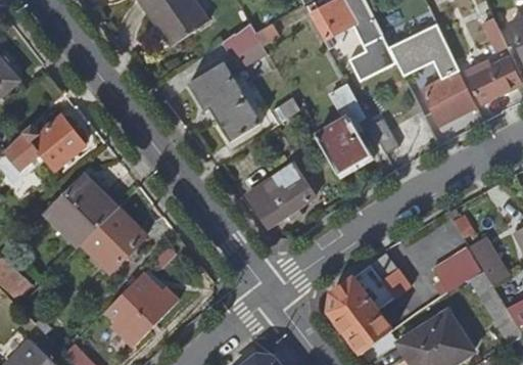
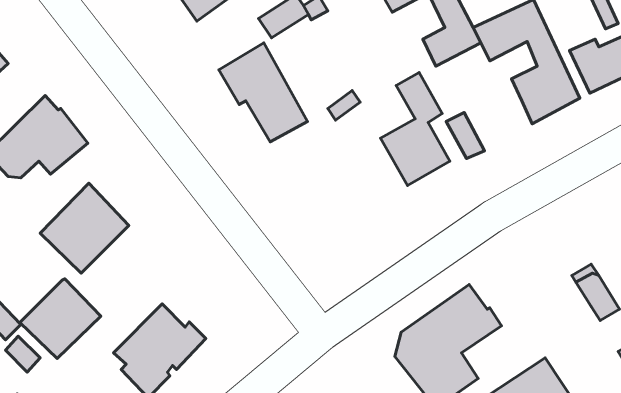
building: [248,169,310,226] -> none
building: [83,207,147,270] -> [20,279,101,359]
building: [433,249,482,293] -> none

